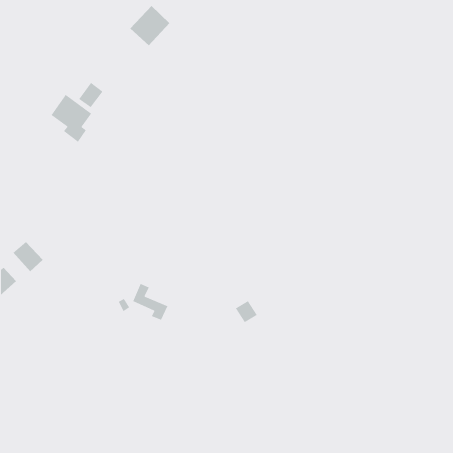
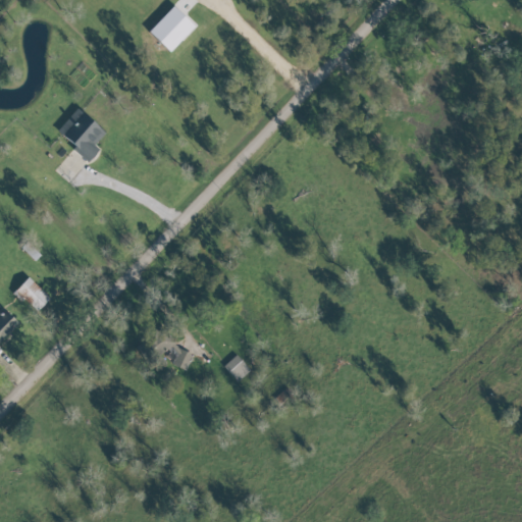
building: [78,82,104,108] -> none
building: [235,300,258,323] -> [223,355,250,381]

